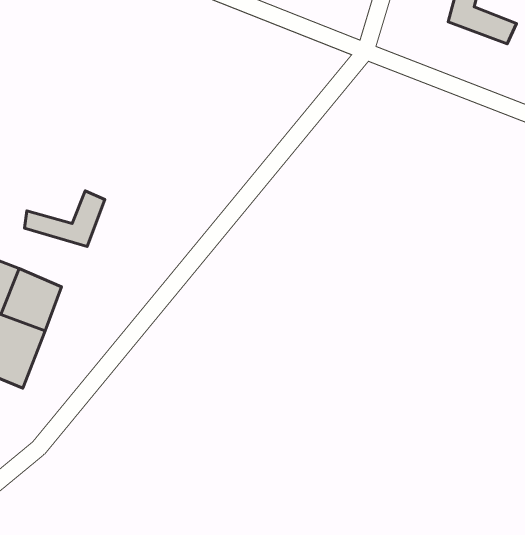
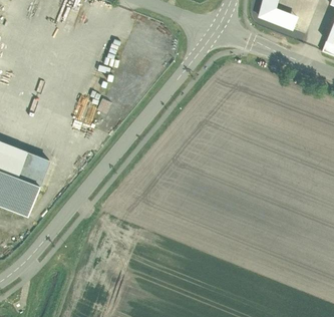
building: [25,191,105,246] -> none

